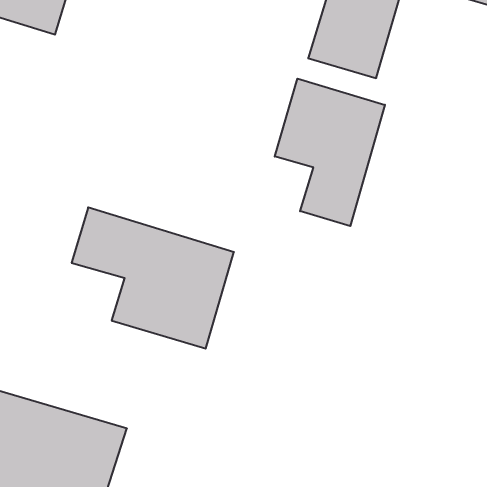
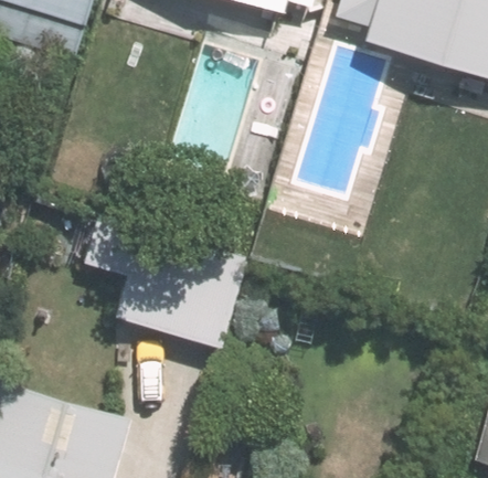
building: [275,79,385,226] -> none

